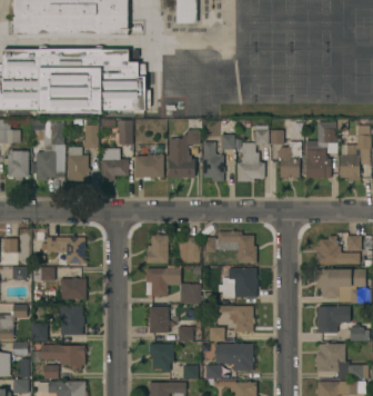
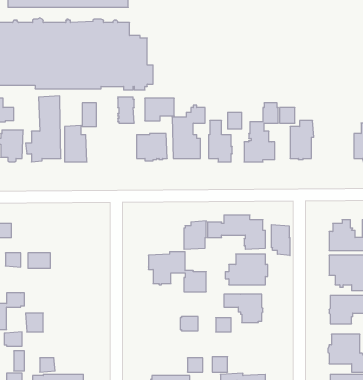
building: [305,122,337,178] -> none
building: [101,159,129,180] -> [145,98,174,121]
building: [147,234,169,264] -> none
building: [42,238,85,264] -> none
building: none -> [272,225,290,256]
building: [60,278,87,299] -> none
building: [59,306,84,335] -> none
building: [149,307,170,334] -> none
building: [150,344,173,372] -> none
building: [215,344,253,372] -> none
building: [41,345,85,370] -> none

